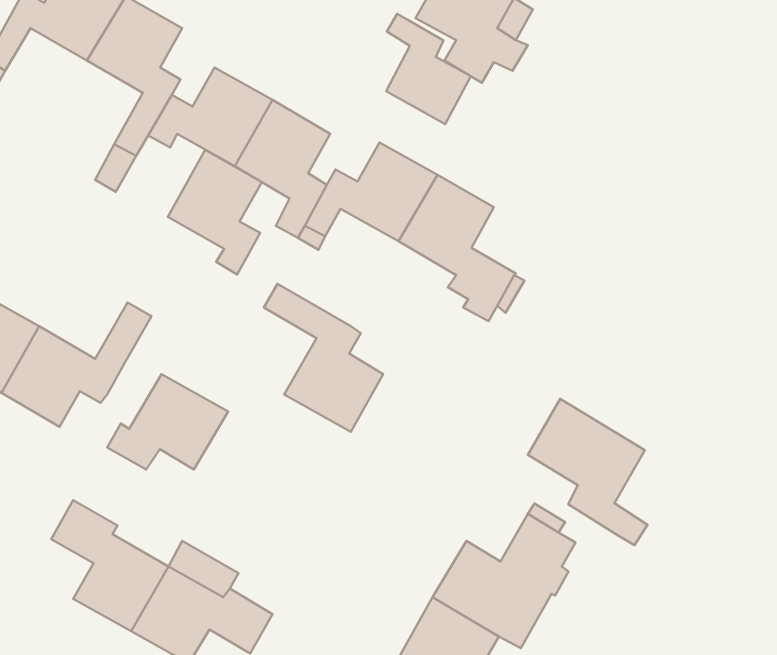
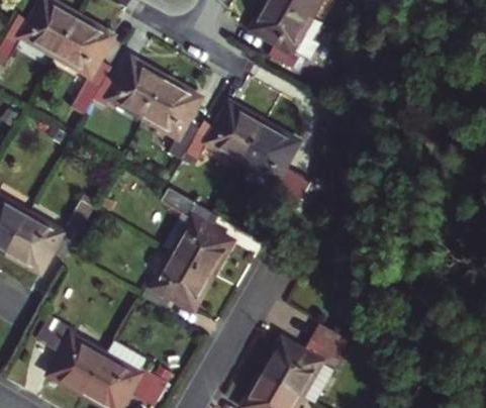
building: [386,14,471,124] -> none
building: [168,150,262,274] -> none
building: [107,374,228,470] -> [140,252,212,309]
building: [528,399,648,545] -> none

